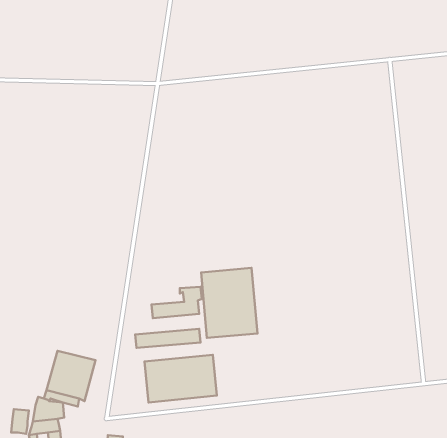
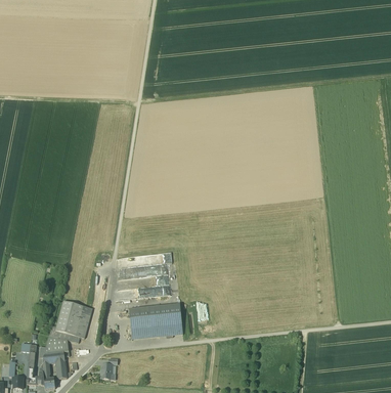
building: [201,268,257,338] -> none

